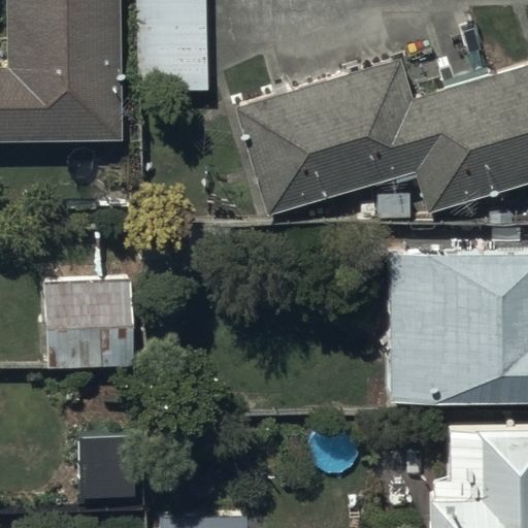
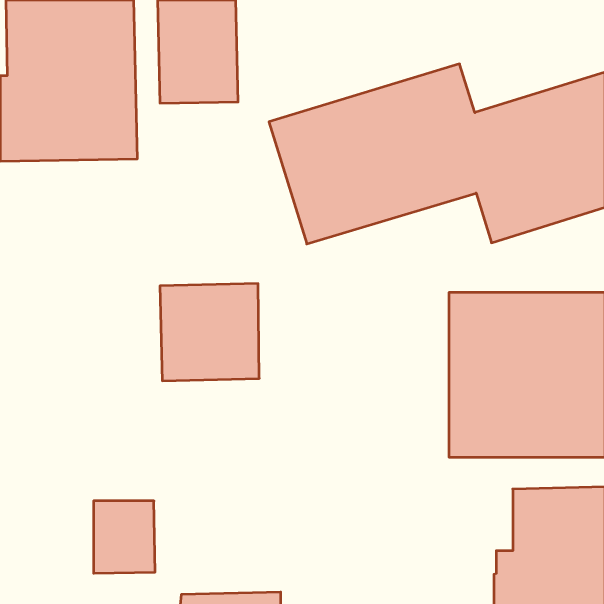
building: [45,280,132,365] -> [160,284,259,381]

